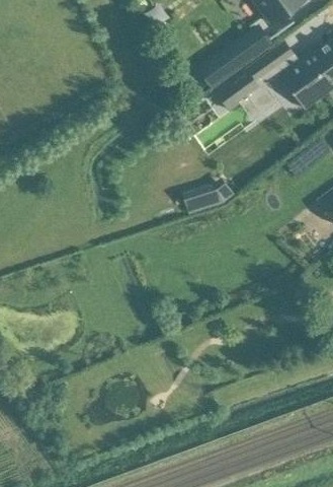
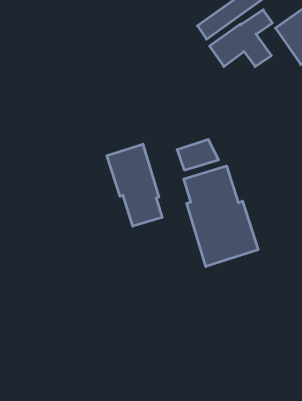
building: none -> [107,144,162,226]
building: none -> [184,166,258,267]

